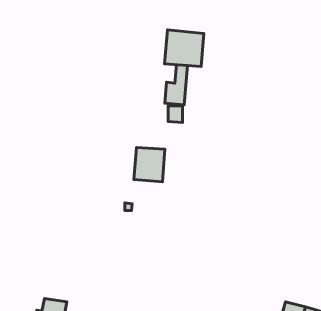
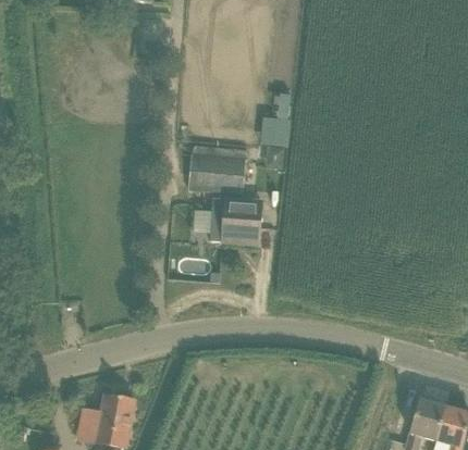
building: [165,30,204,67] -> none
building: none -> [187,147,245,193]

